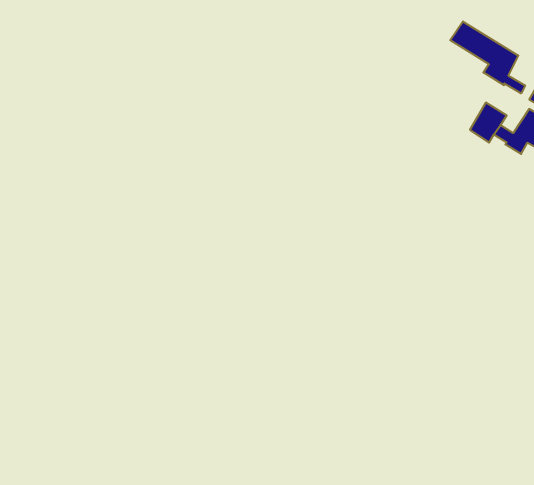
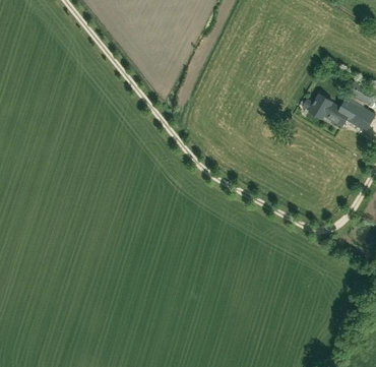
building: [450,21,525,93] -> none

